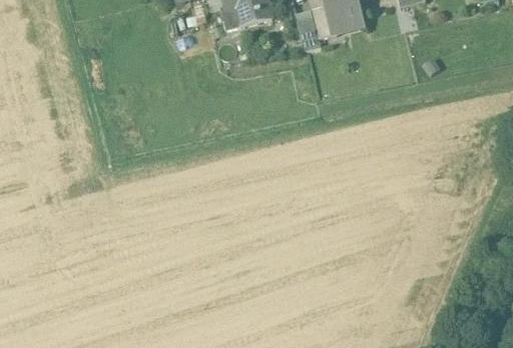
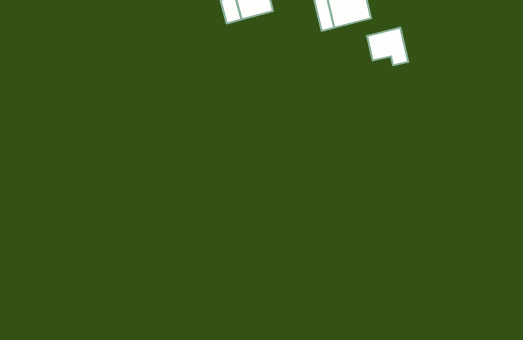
building: none -> [367,27,408,65]

